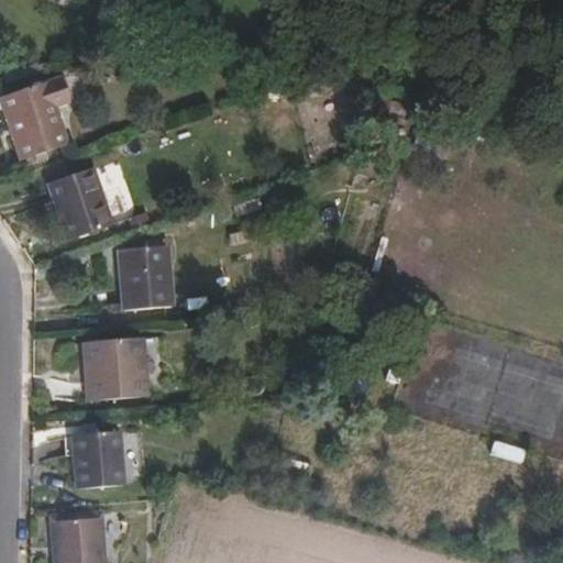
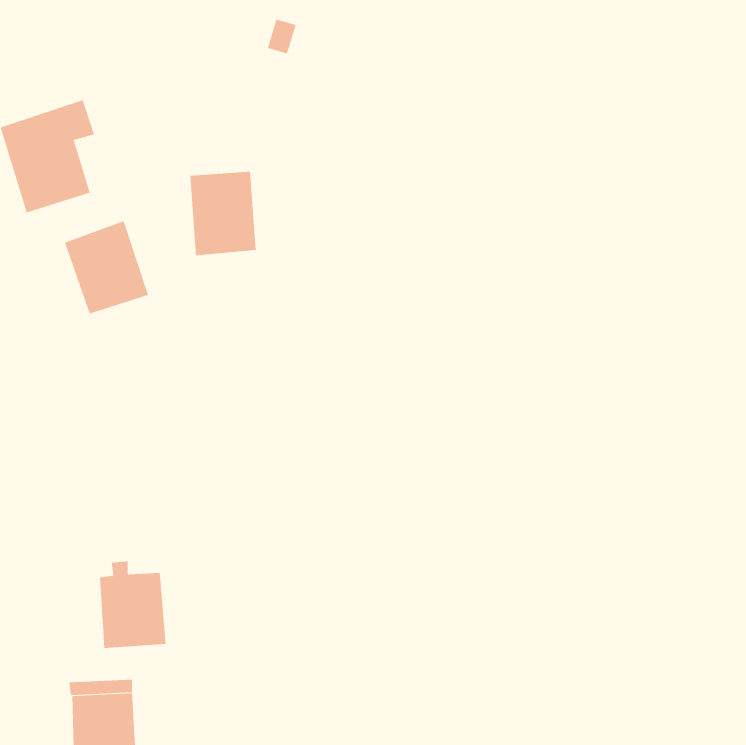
building: [120,246,170,310] -> [189,171,257,256]
building: [89,338,145,399] -> none

